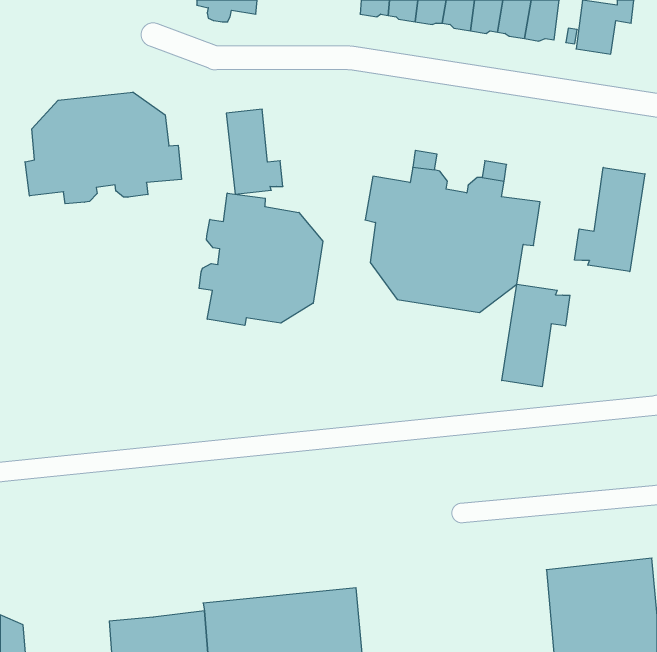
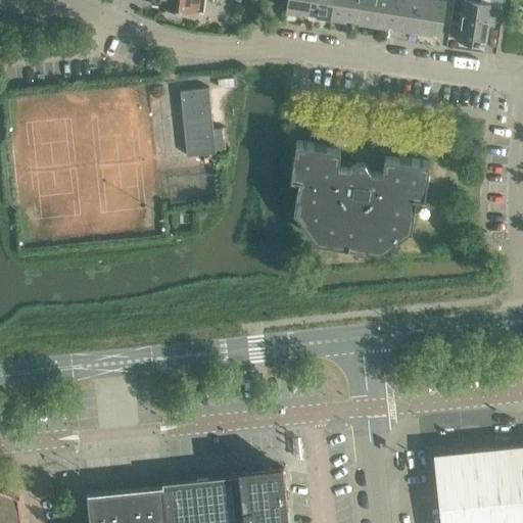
building: [25,92,181,204] -> none
building: [575,167,645,272] -> none
building: [199,193,323,325] -> none
building: [502,284,570,387] -> none

